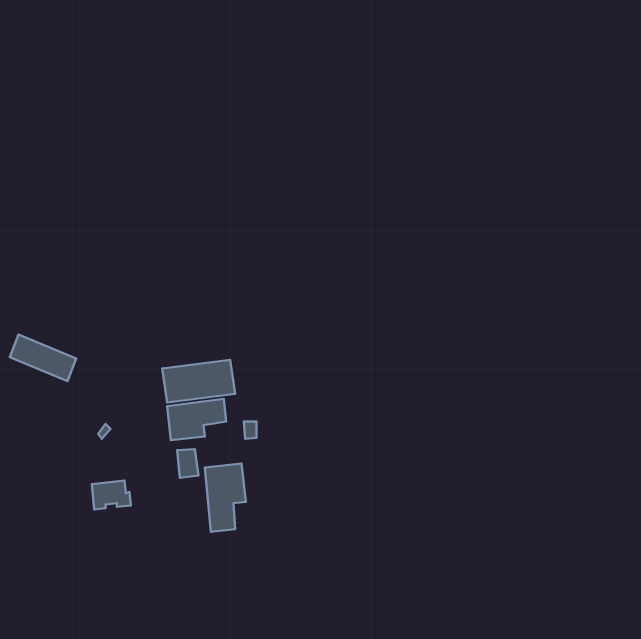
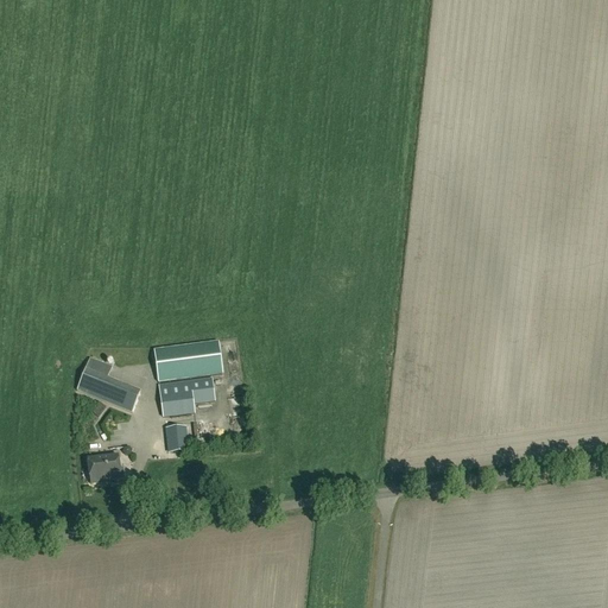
building: [10,335,76,381] -> [76,367,139,411]
building: [205,463,246,532] -> none

